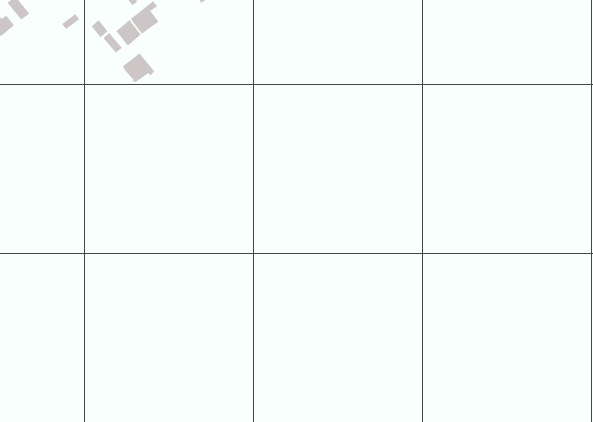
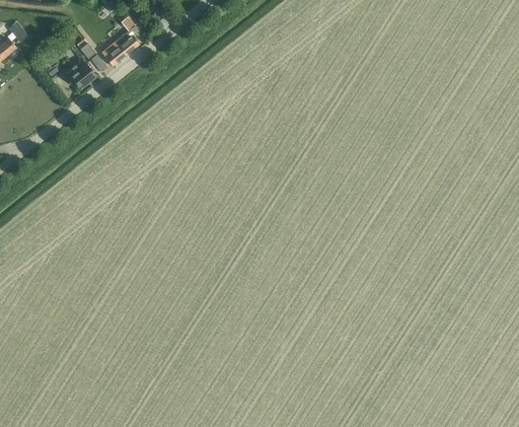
building: [122,52,155,83] -> [67,60,95,86]

